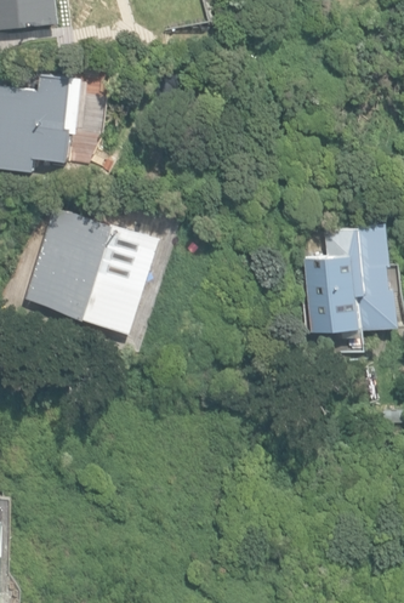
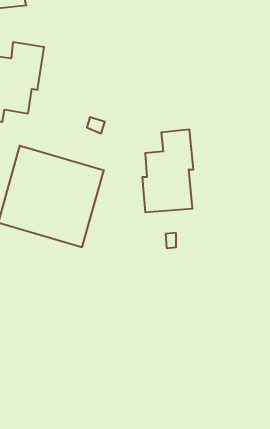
building: [302,226,368,331] -> [142,130,193,212]

